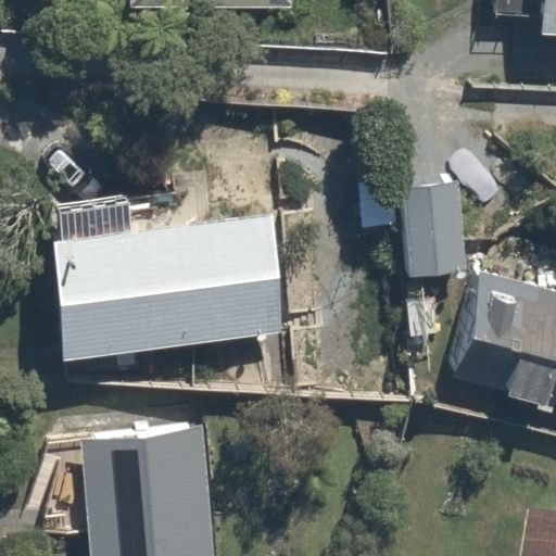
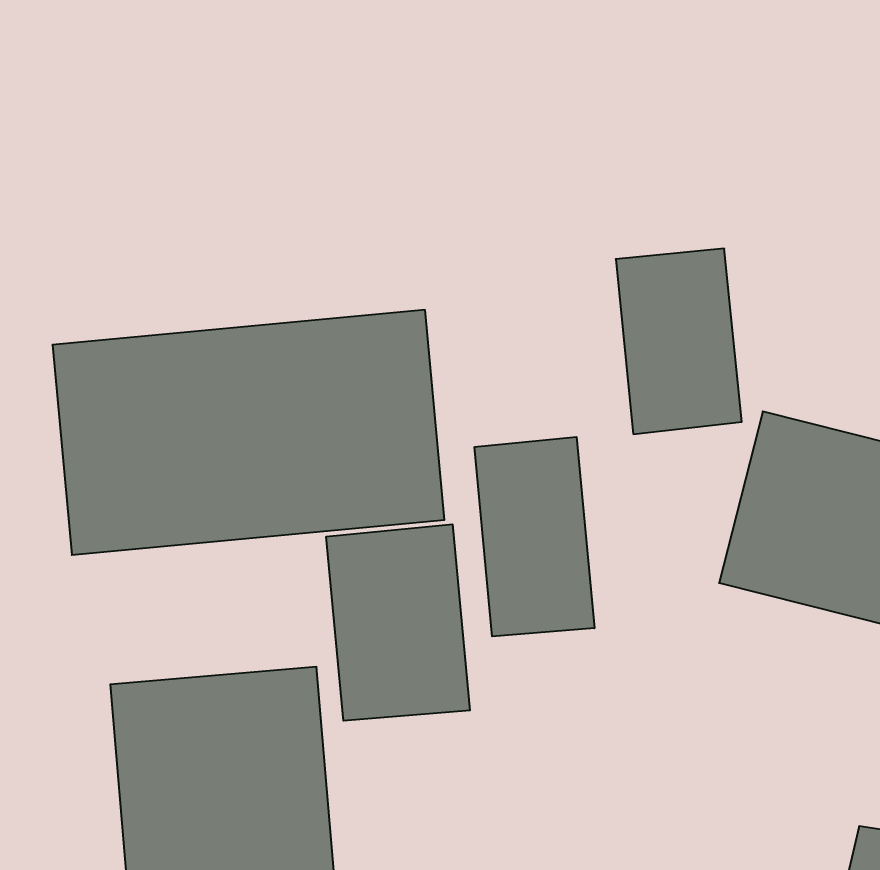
building: none -> [475,437,594,636]
building: none -> [326,524,470,721]

